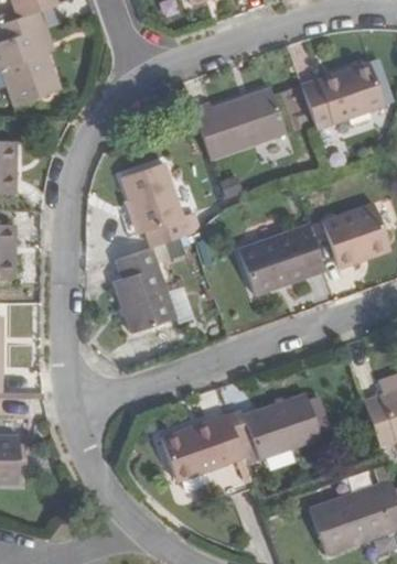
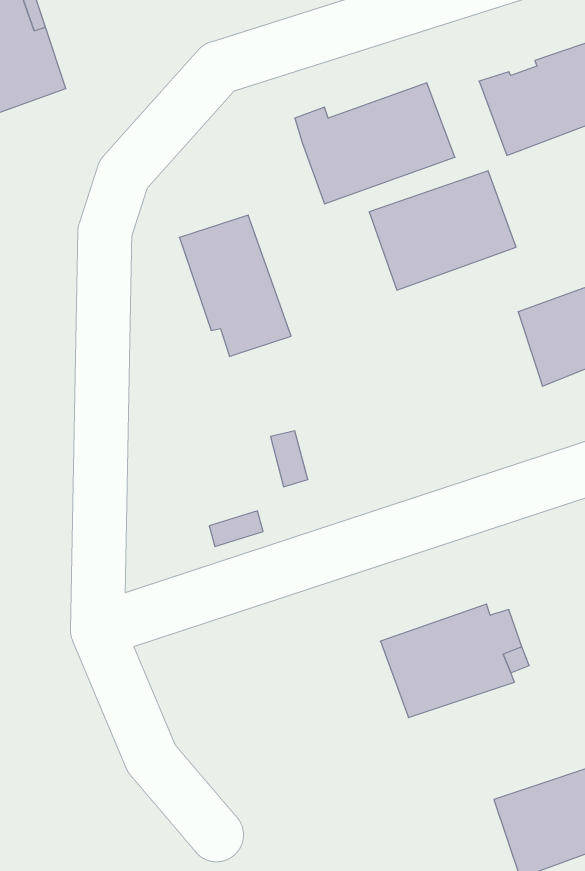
building: [239,225,326,295] -> [369,171,516,290]
building: [116,246,181,334] -> none
building: [158,414,244,482] -> none

